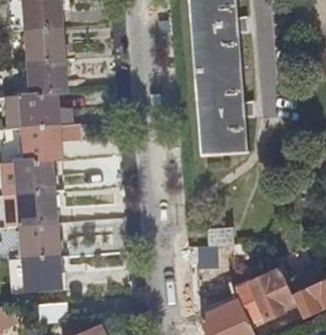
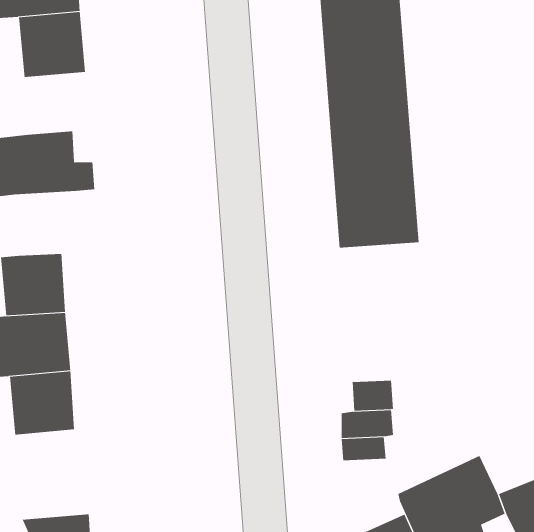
building: [30,59,66,93] -> none
building: [25,124,61,159] -> none
building: [25,255,60,286] -> none

